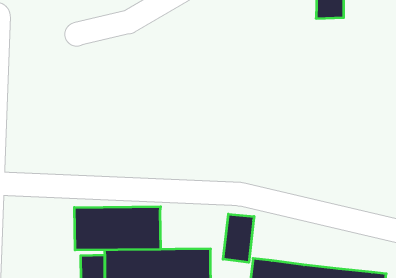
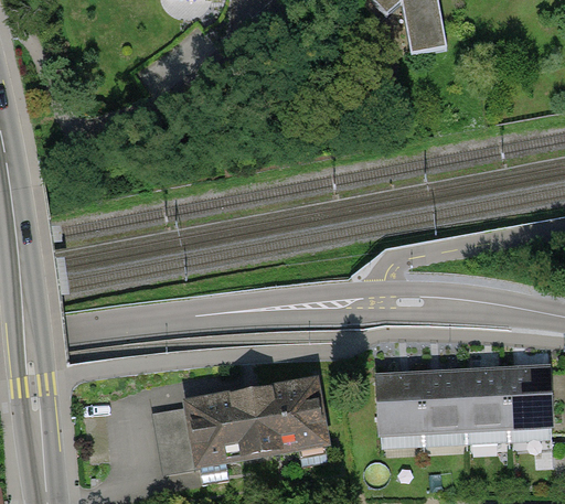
building: [74,207,161,250] -> none
building: [223,214,254,262] -> none

